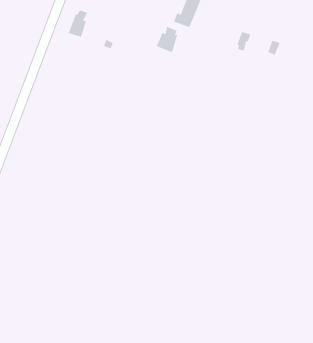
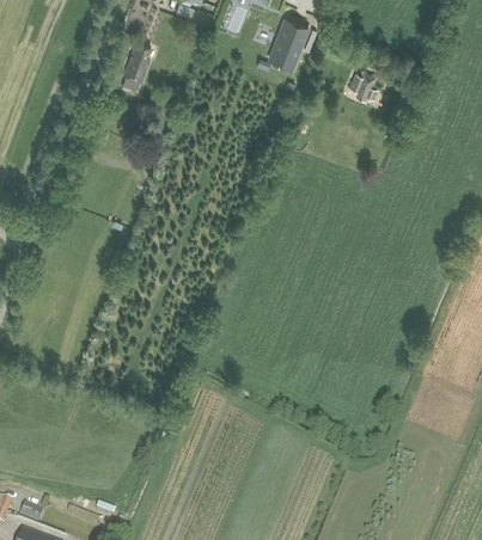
building: [156,26,178,53] -> none

